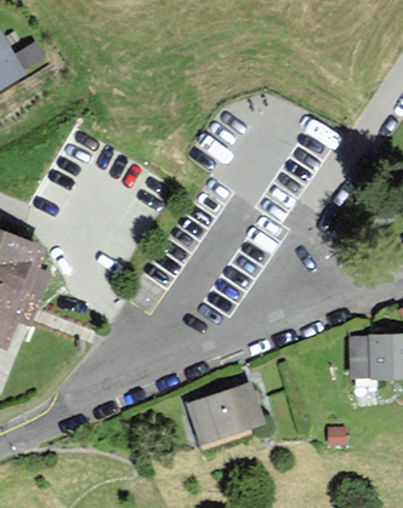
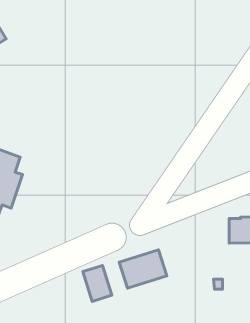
building: none -> [83,265,112,301]

